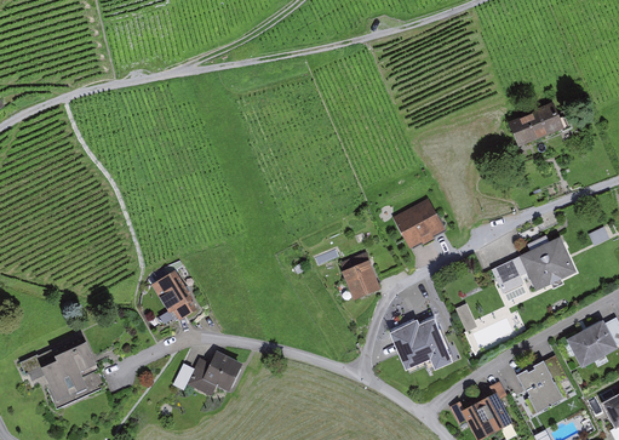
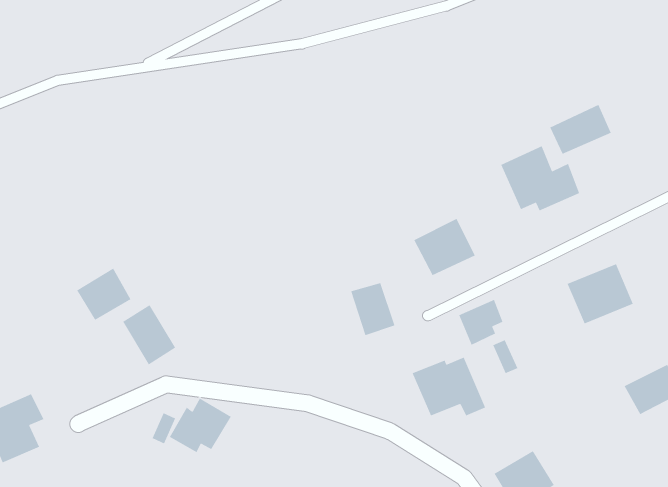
building: none -> [500,145,580,212]
building: none -> [76,268,132,321]
building: [489,255,527,293] -> [458,299,503,346]
building: [516,362,561,413] -> none

